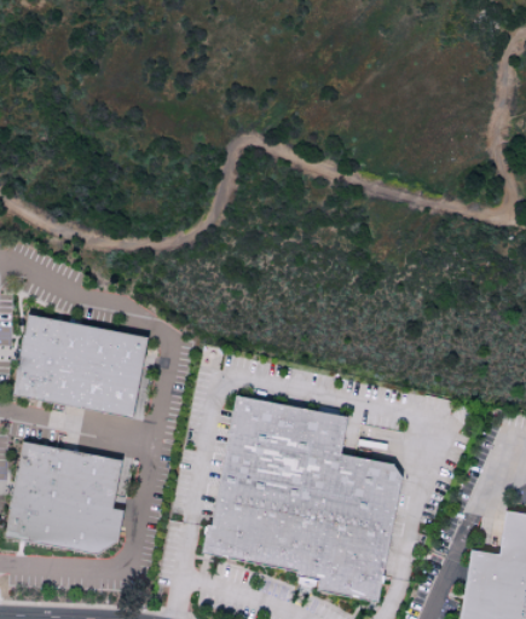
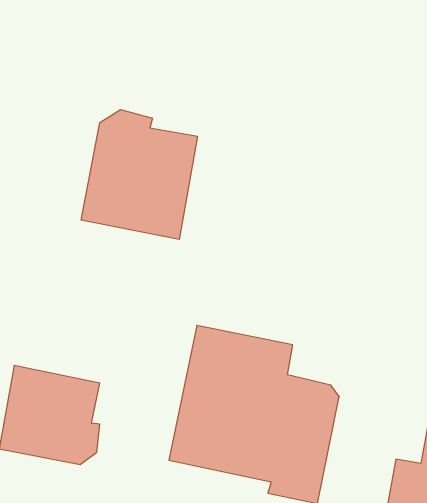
building: none -> [81,110,197,239]
building: [12,314,148,416] -> none

